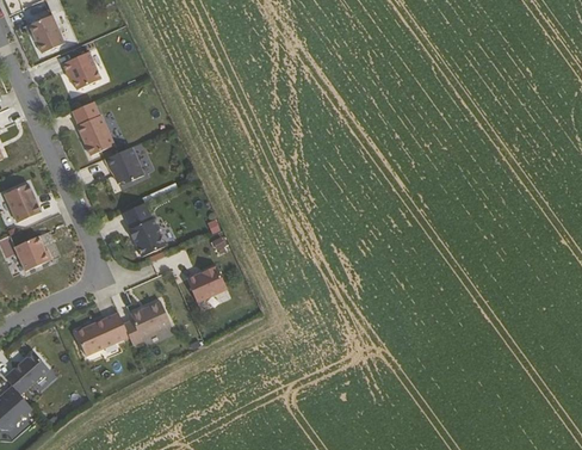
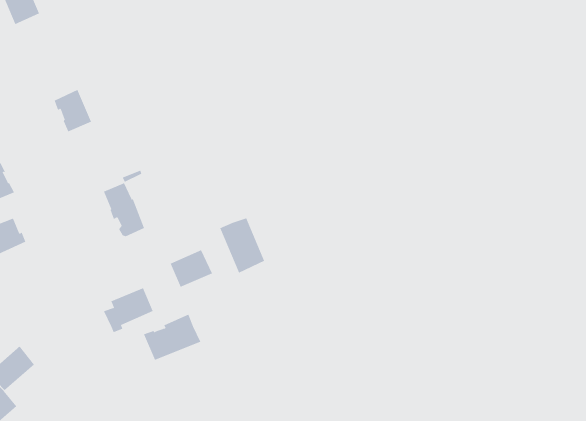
building: [61,51,99,88] -> none
building: [114,152,153,189] -> none
building: none -> [220,217,265,274]
building: [74,312,129,356] -> [143,314,201,361]

